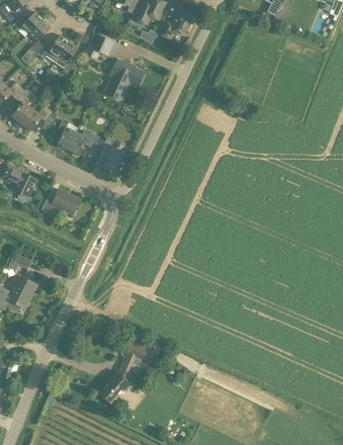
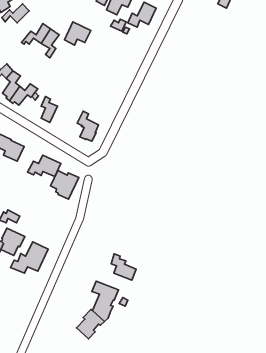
building: [20,19,51,65] -> none
building: [102,58,146,101] -> none
building: [67,130,100,156] -> none
building: none -> [51,170,79,199]
building: none -> [11,242,48,273]
building: none -> [111,254,136,280]

